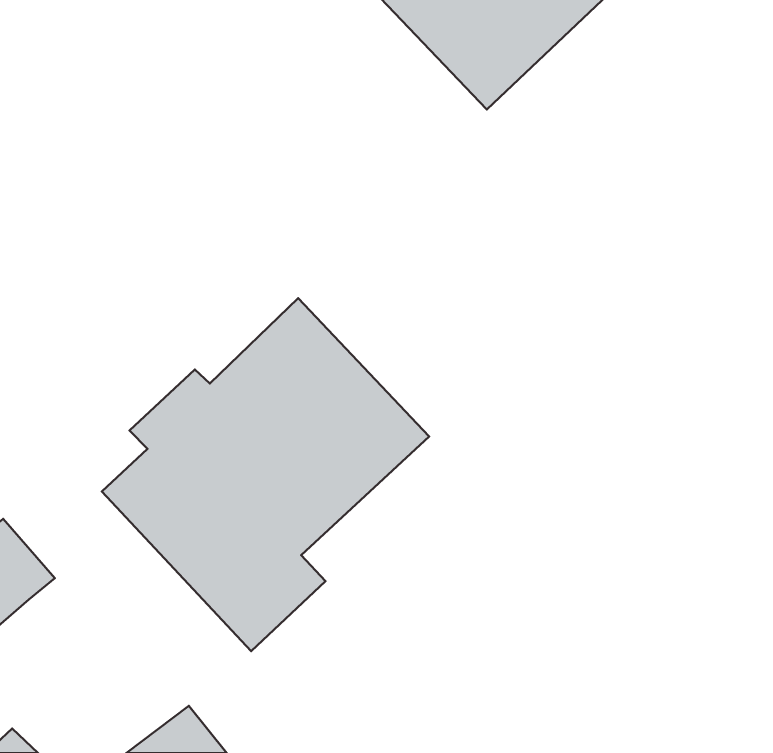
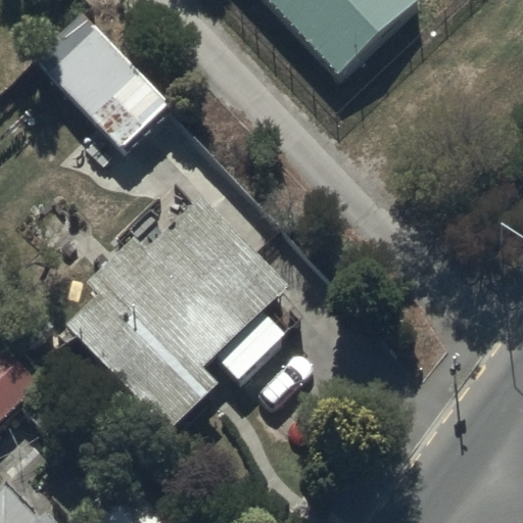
building: none -> [35,12,174,152]

